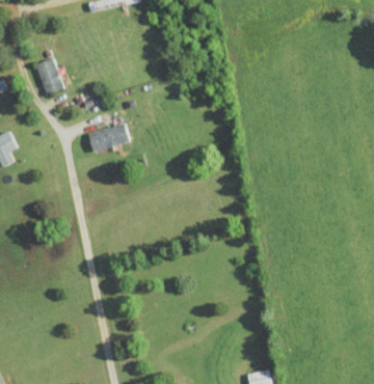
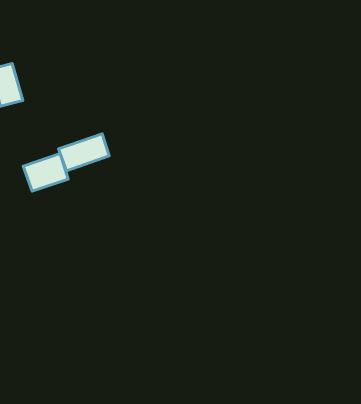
building: none -> [23,154,68,191]

